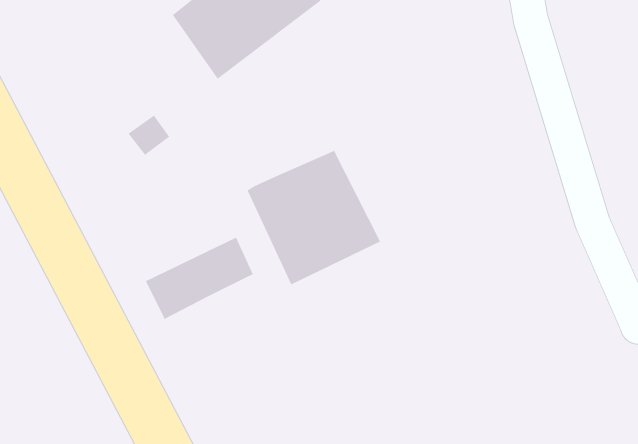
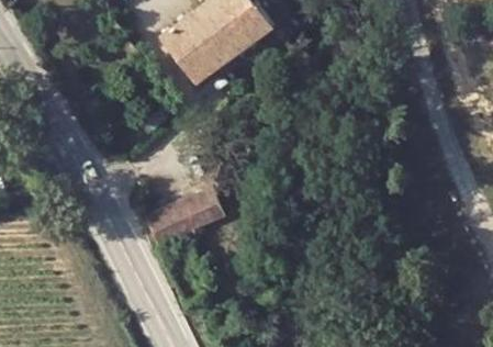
building: [247,150,381,286] -> none

